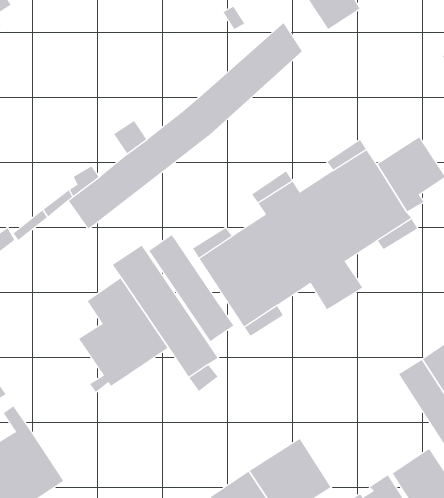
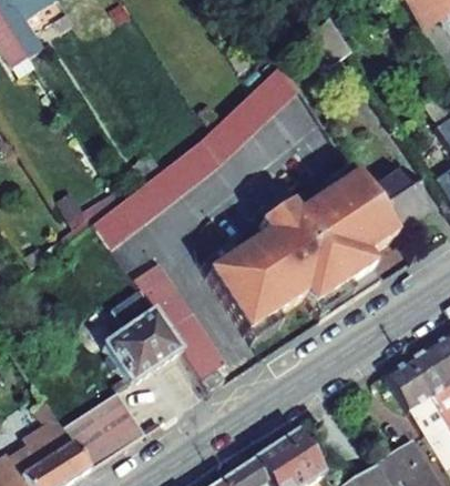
building: [148,234,234,342] -> none
building: none -> [62,391,145,468]

